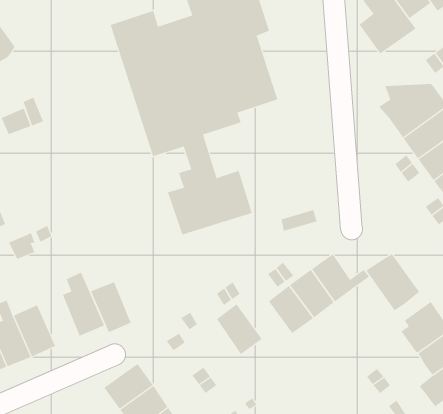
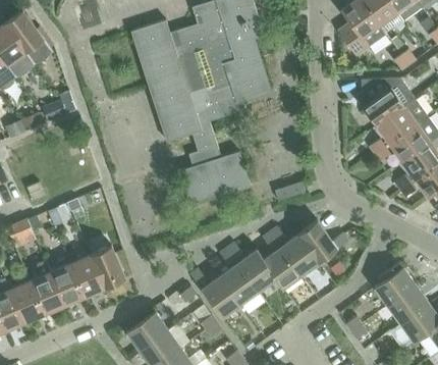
building: [366,253,420,311] -> none
building: [90,281,132,333] -> [71,255,106,298]
building: none -> [237,250,283,292]
building: none -> [201,275,240,318]

